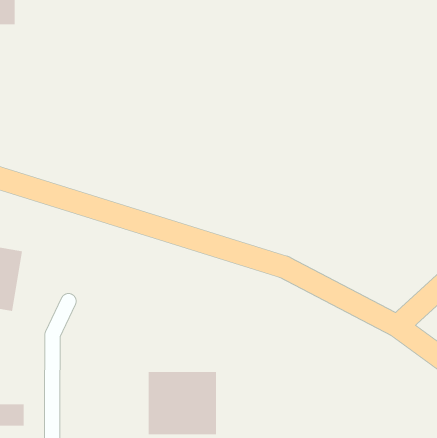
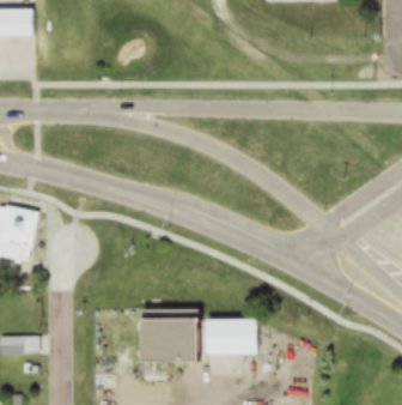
building: none -> [205,319,256,355]

